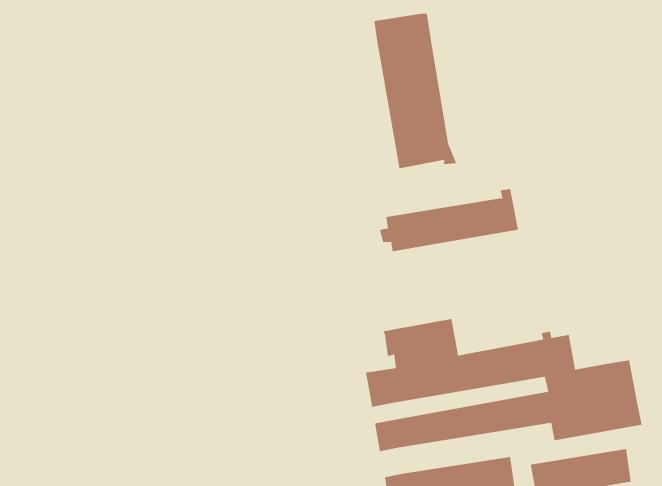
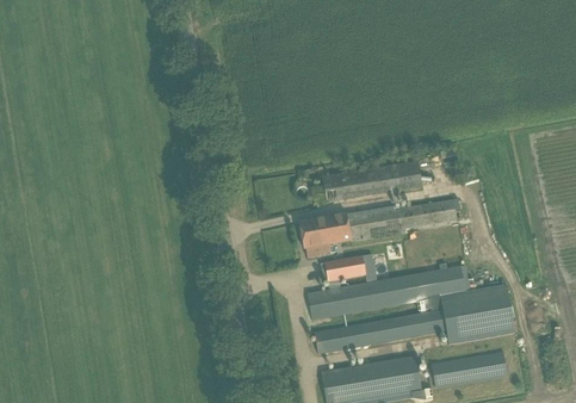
building: [374,13,457,169] -> none
building: none -> [298,198,458,258]

